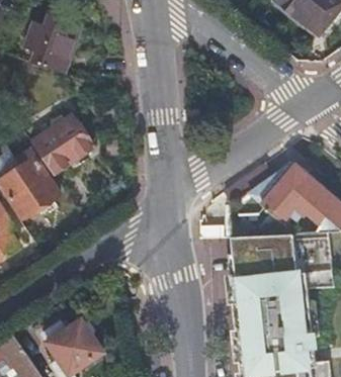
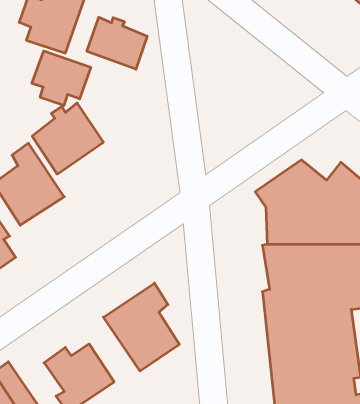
building: none -> [87,17,147,69]
building: none -> [32,51,91,106]
building: none -> [103,283,179,371]

